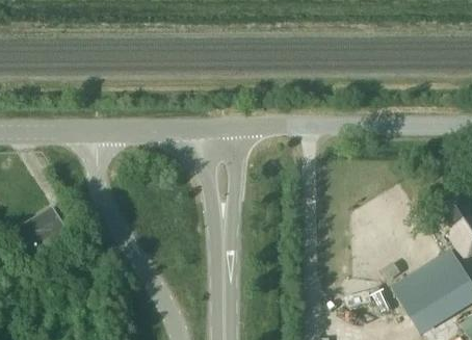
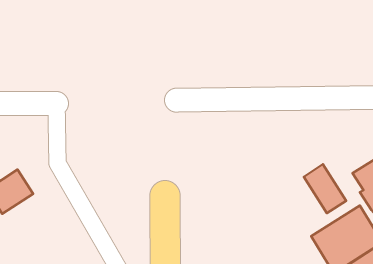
building: none -> [304,164,346,213]

